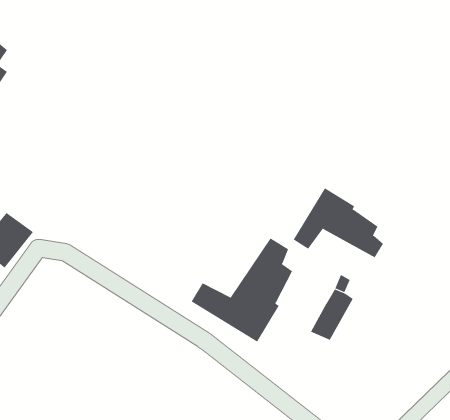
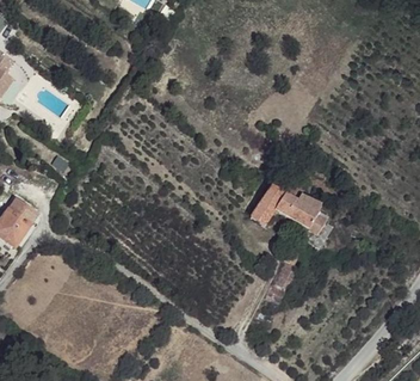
building: [191,237,293,342] -> none

